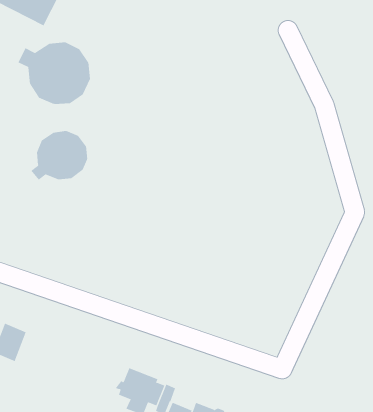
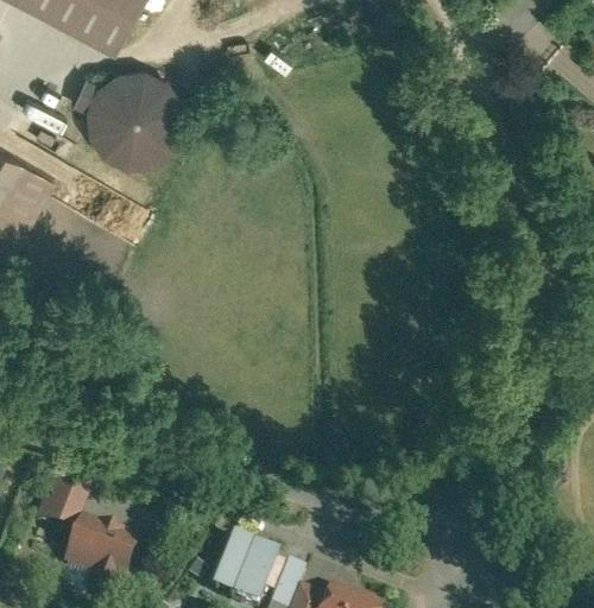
building: [31,130,88,181] -> none
building: none -> [63,521,134,597]

